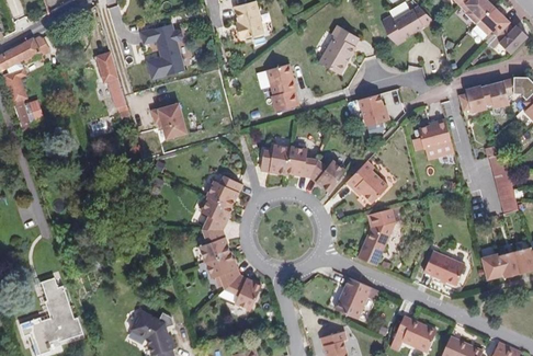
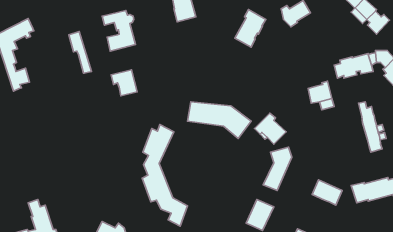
building: [265,62,298,111] -> none
building: [359,93,389,126] -> none

